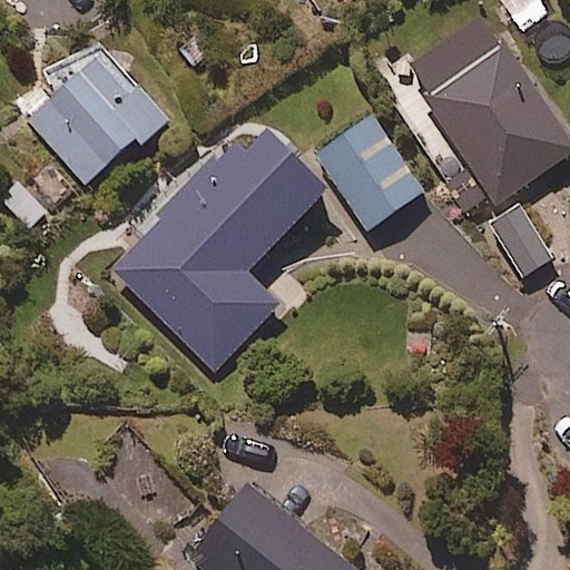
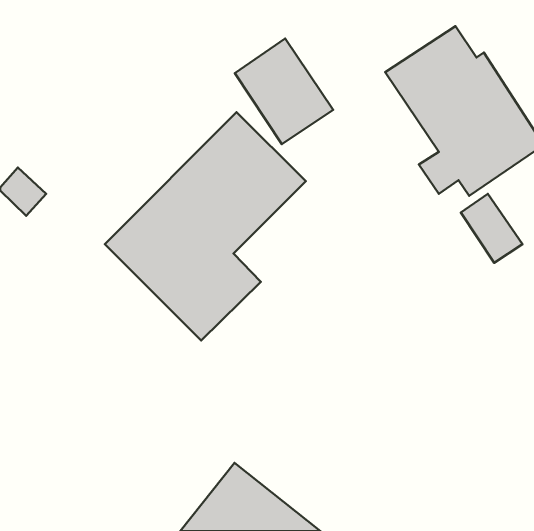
building: [30,51,164,187] -> none
building: [314,119,419,232] -> [235,38,333,144]

